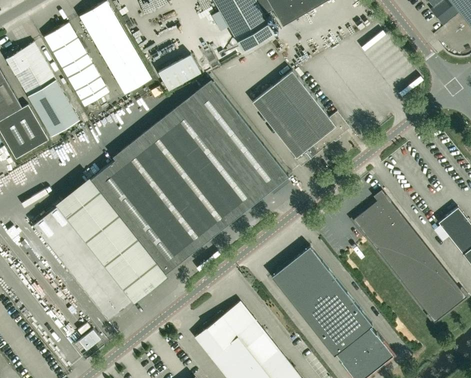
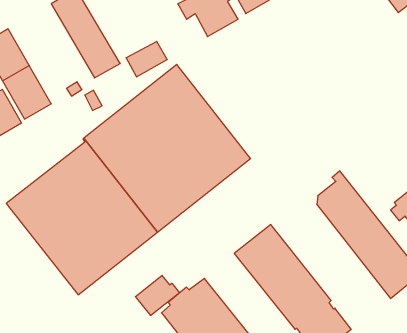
building: [45,22,109,106] -> none
building: [252,70,350,166] -> none
building: none -> [135,275,179,316]

